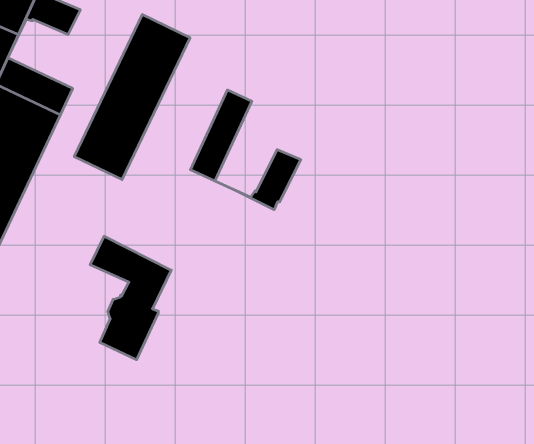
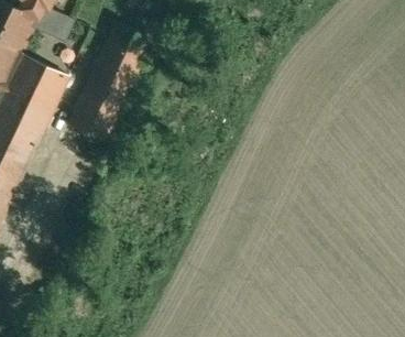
building: [190,90,301,210] -> none
building: [90,236,171,360] -> none

